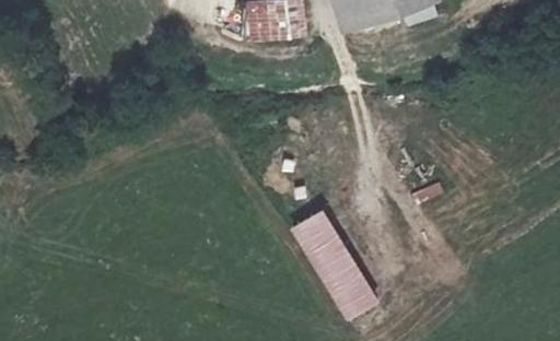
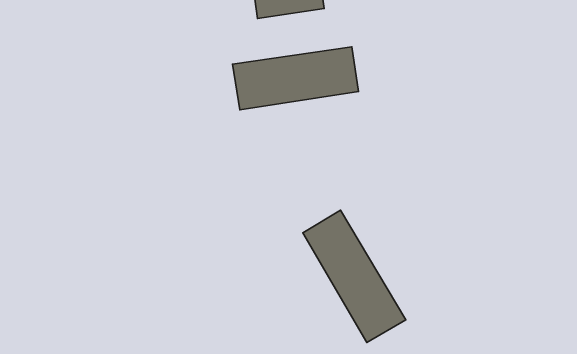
building: none -> [233,47,358,110]

